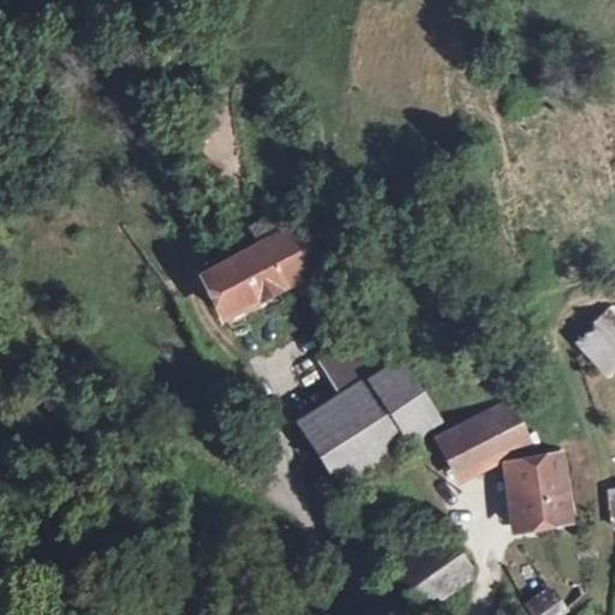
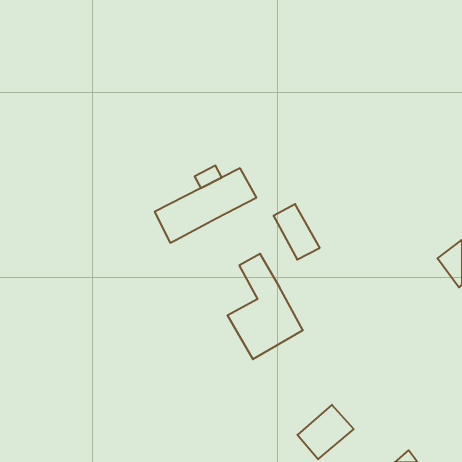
building: [369,363,430,436] -> [273,204,320,260]
building: [431,400,521,472] -> none
building: [510,461,574,531] -> none

